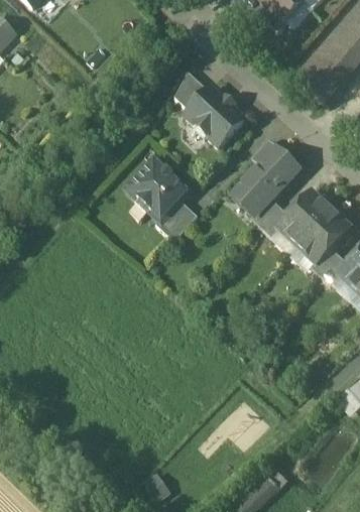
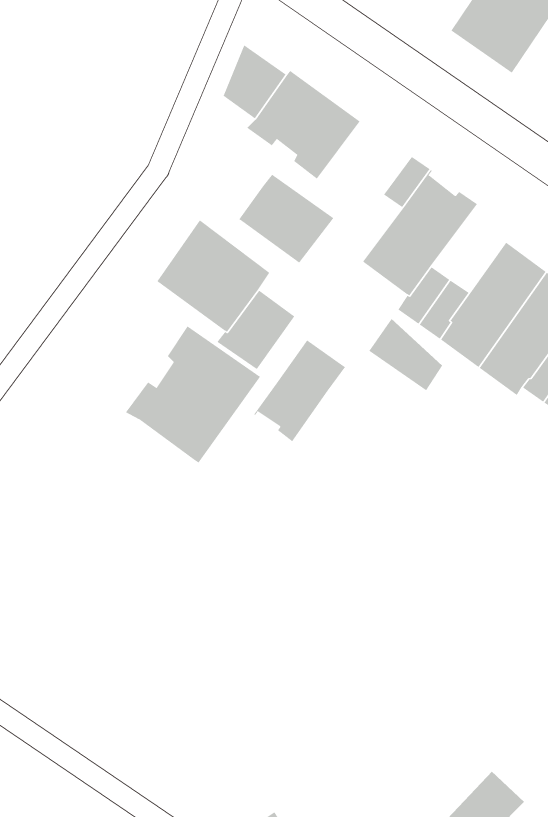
building: none -> [239,174,334,264]
building: none -> [125,326,261,464]
building: none -> [369,318,443,391]
building: none -> [253,339,346,442]

